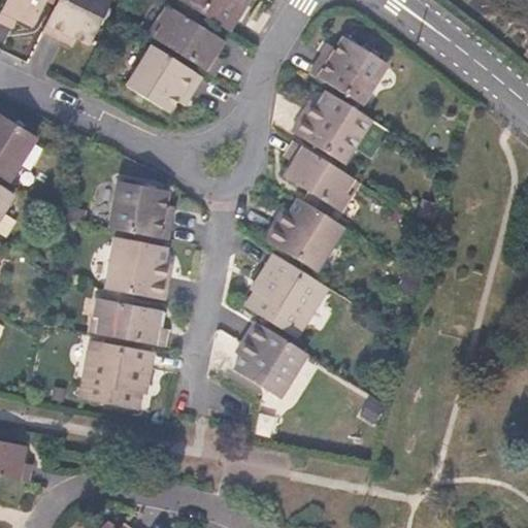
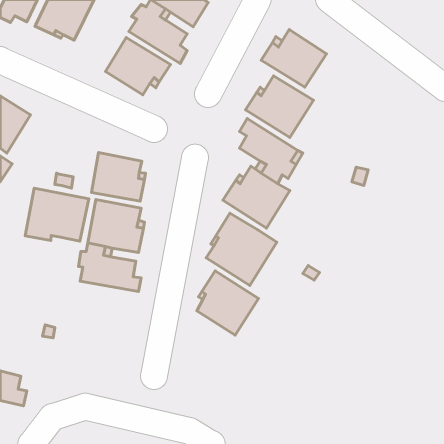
building: none -> [25,188,89,241]
building: [79,339,155,408] -> none

